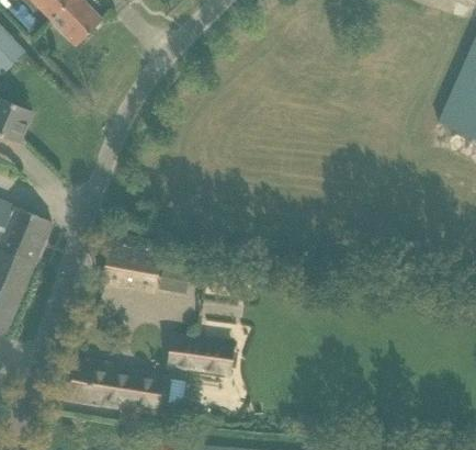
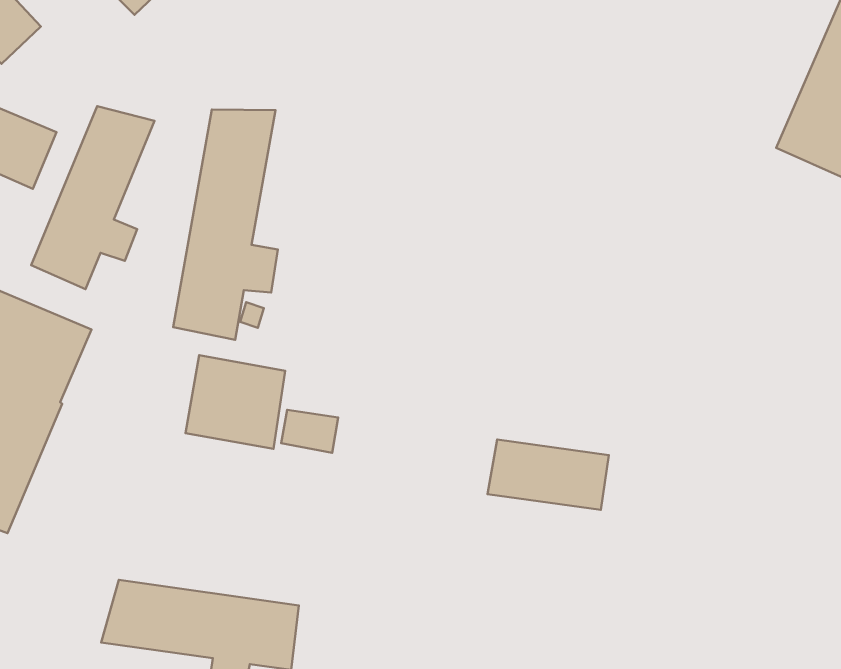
building: none -> [31,106,155,289]
building: none -> [173,110,278,340]
building: [167,335,235,374] -> [487,439,609,510]

